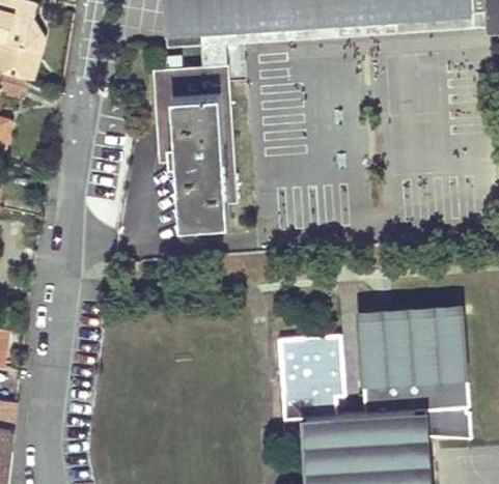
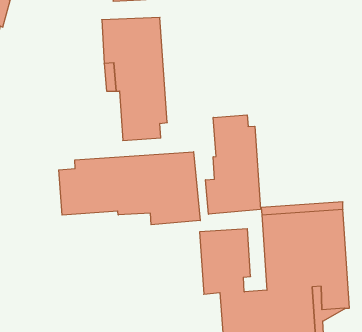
building: none -> [206,115,260,214]
building: none -> [59,152,200,225]

